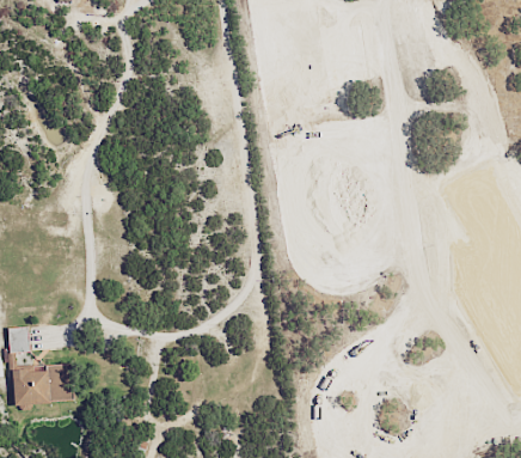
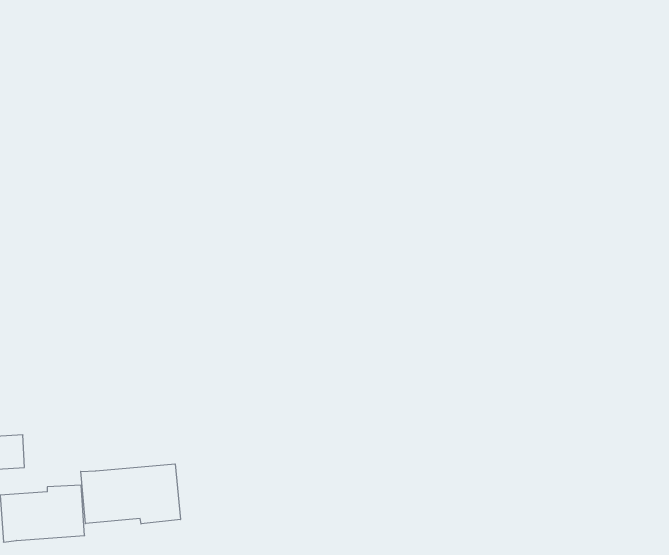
building: none -> [81,464,180,524]

